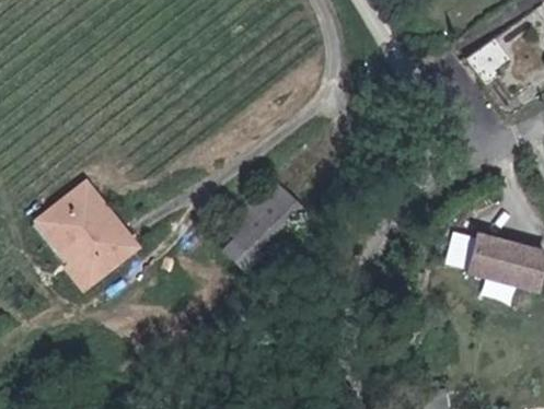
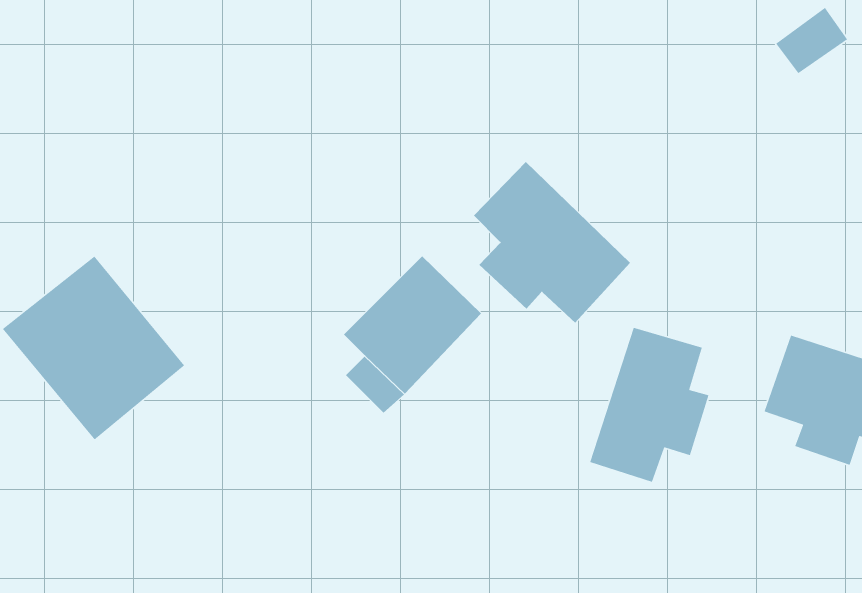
building: none -> [473,161,631,323]
building: none -> [589,327,709,483]

